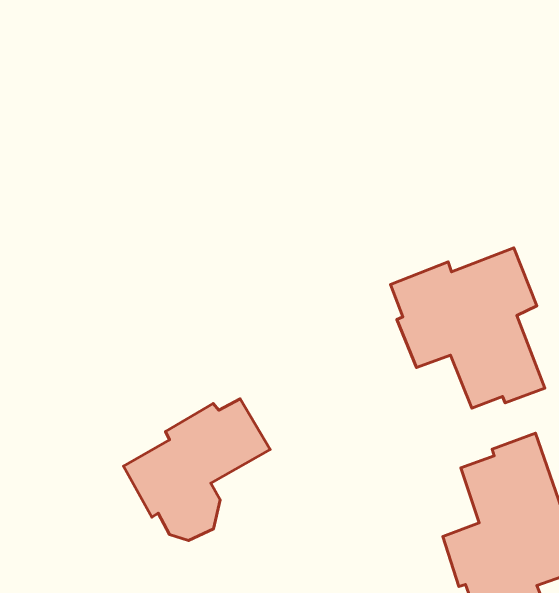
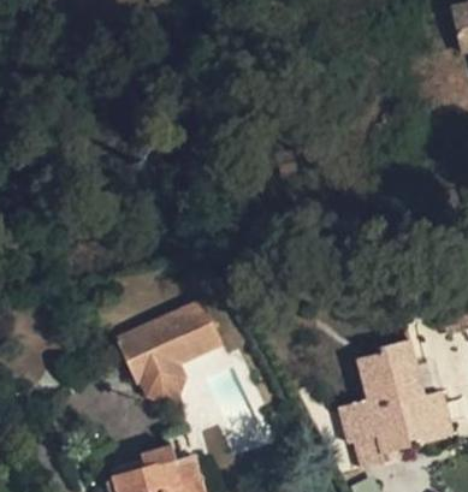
building: [391,248,545,408] -> none

